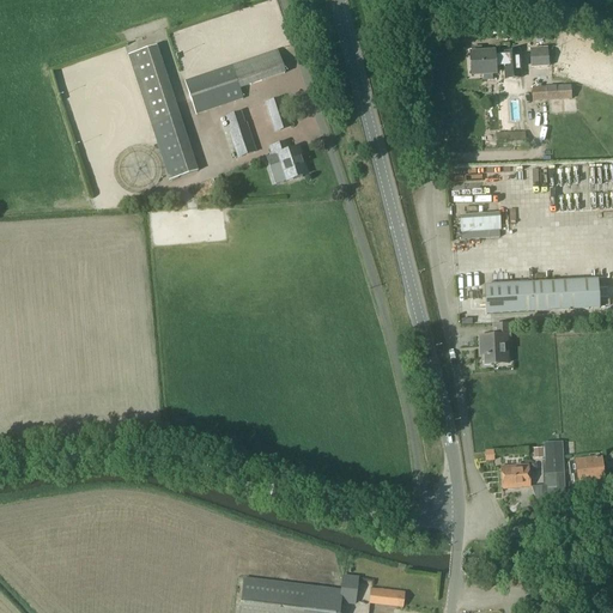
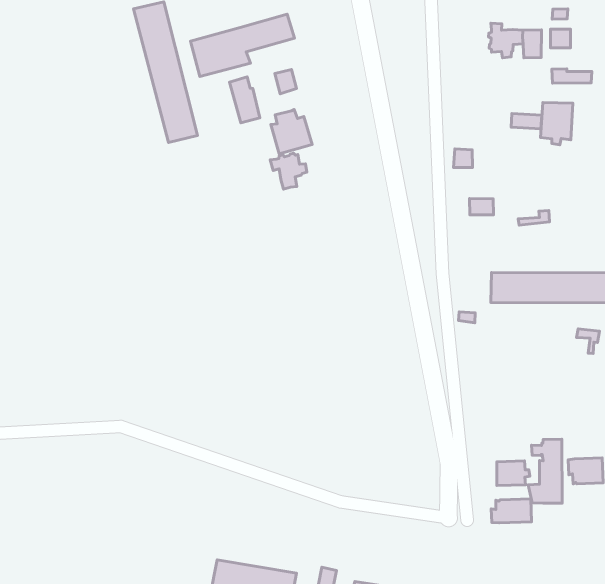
building: none -> [541,103,573,145]
building: none -> [270,153,307,189]
building: [480,322,511,363] -> none
building: none -> [491,499,531,523]

